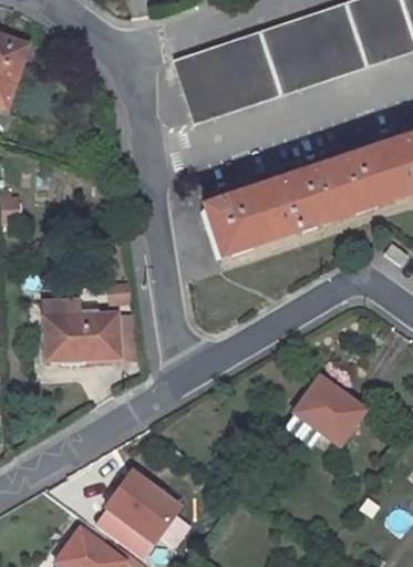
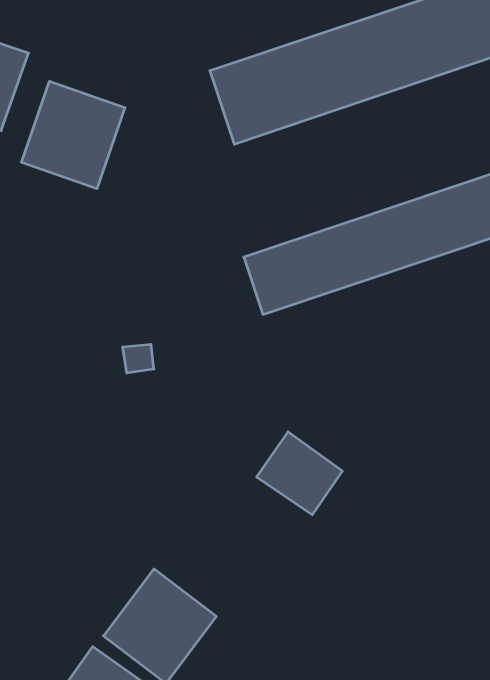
building: none -> [21,81,125,189]
building: [45,313,118,359] -> none
building: [295,375,364,443] -> [257,432,342,515]

